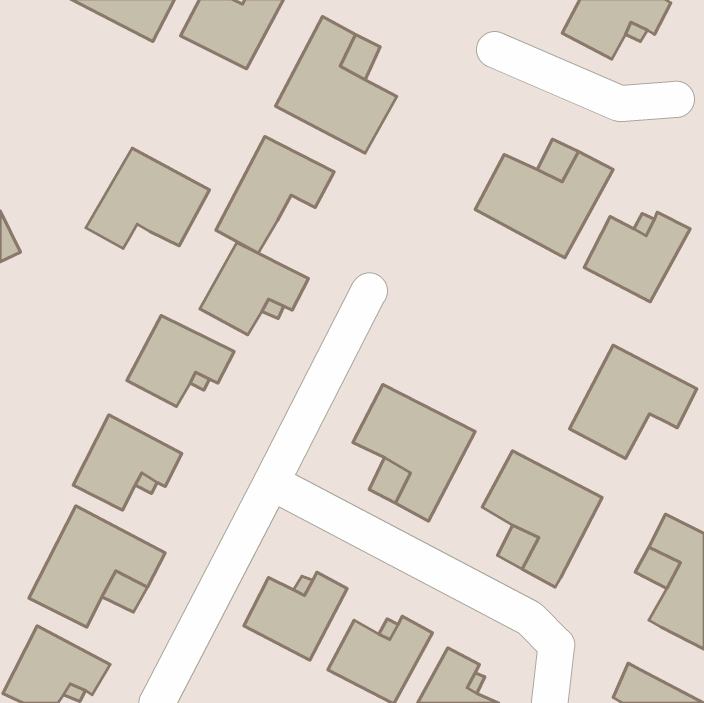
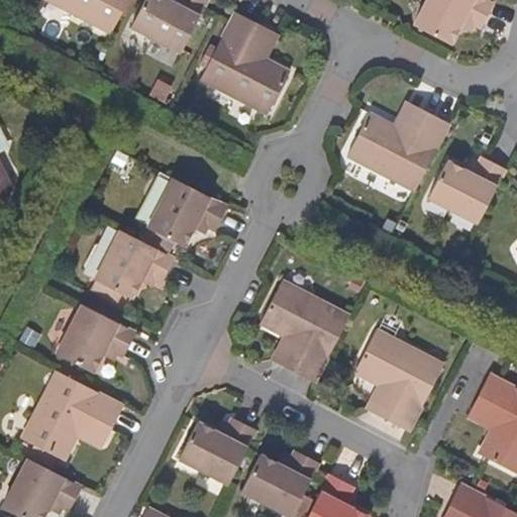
building: [216,136,334,253] -> none
building: [86,148,210,248] -> none
building: [570,345,697,458] -> none

